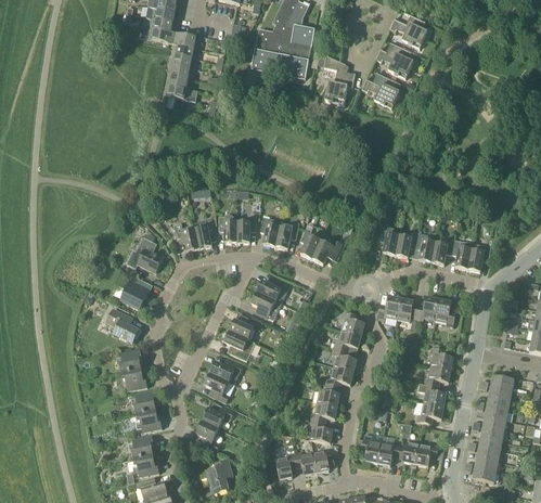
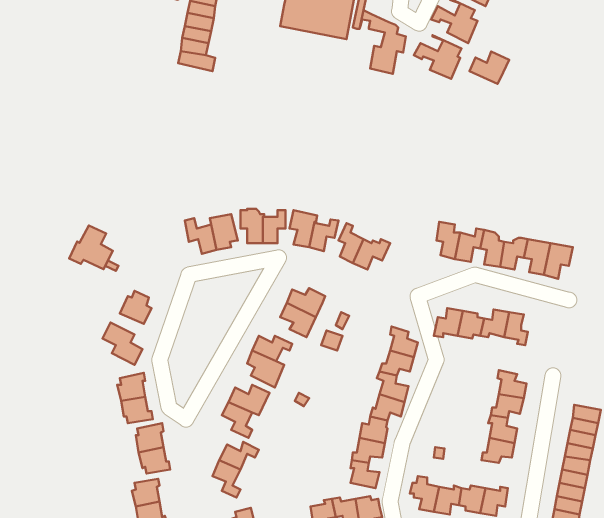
building: none -> [469,52,509,84]
building: [127,236,163,272] -> [69,226,113,269]

